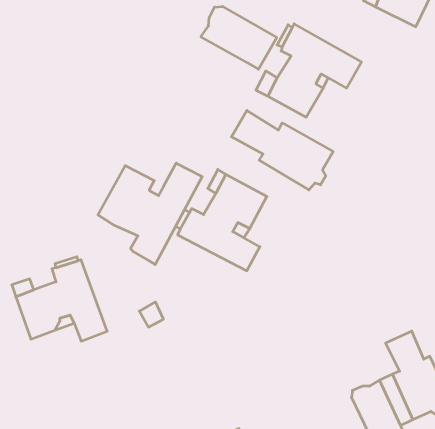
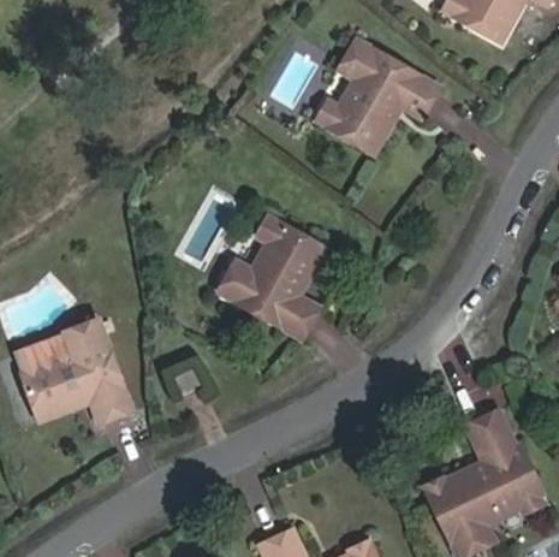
building: [201,6,277,69] -> none
building: [231,110,333,190] -> none
building: [98,163,202,265] -> none

